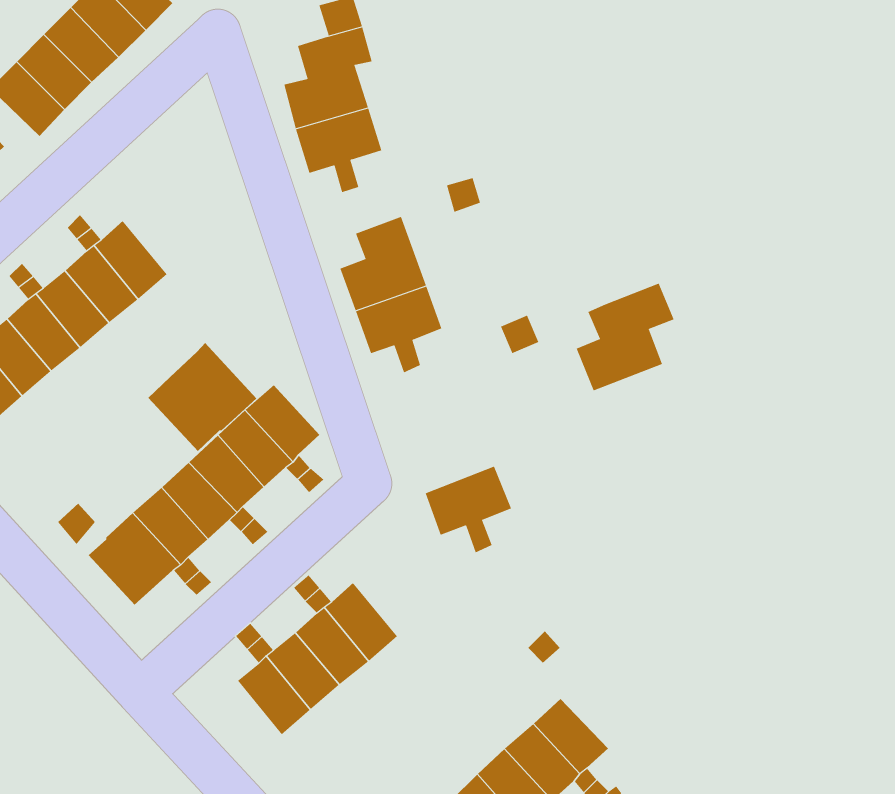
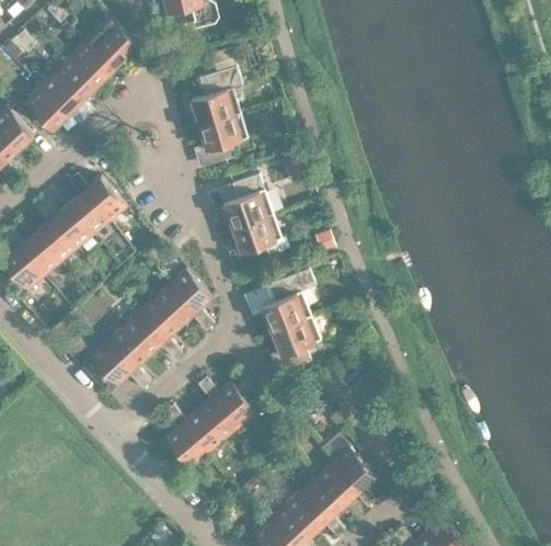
building: [576,283,675,391] -> [260,270,315,331]
building: [148,342,257,452] -> none

